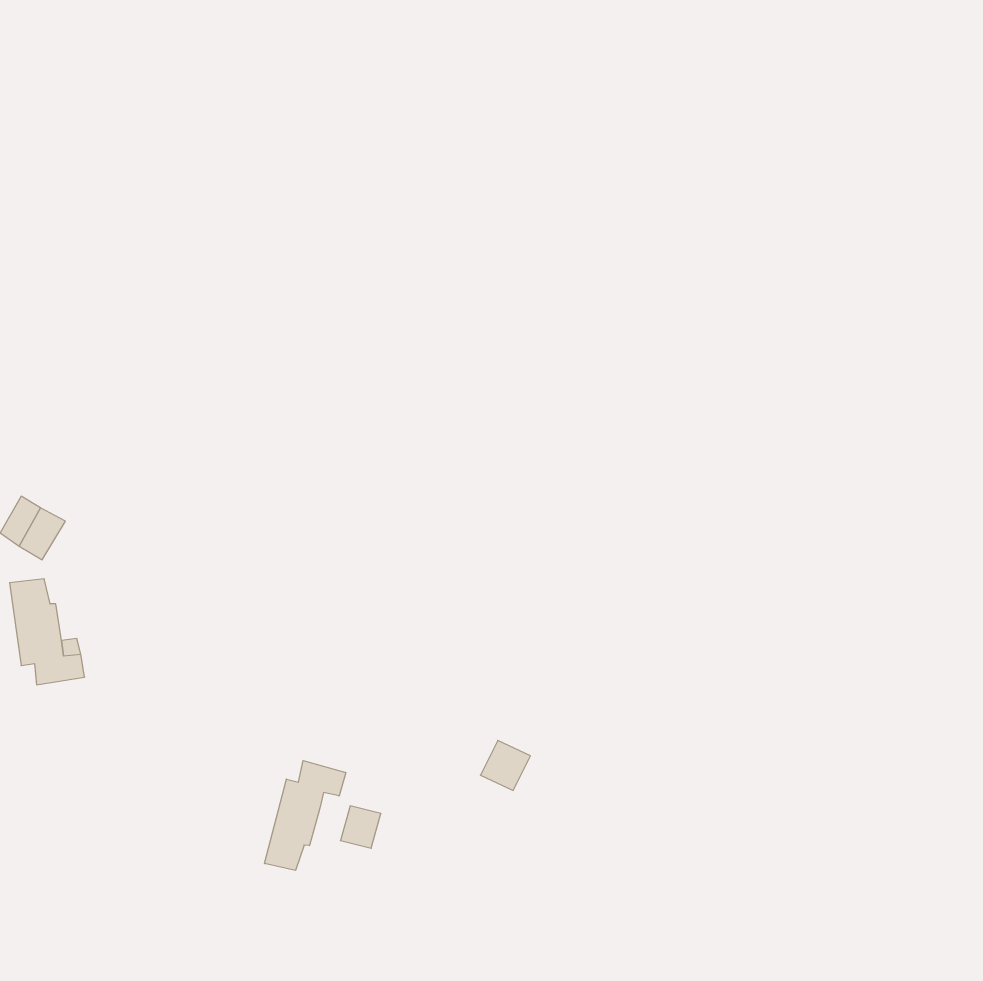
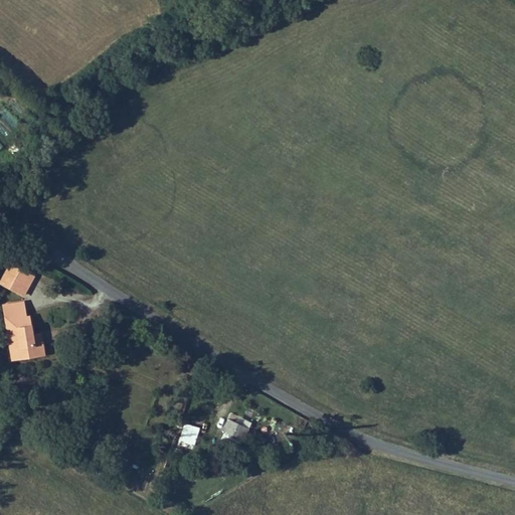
building: [480,740,530,790] -> [221,421,247,448]
building: [265,761,346,870] -> none

